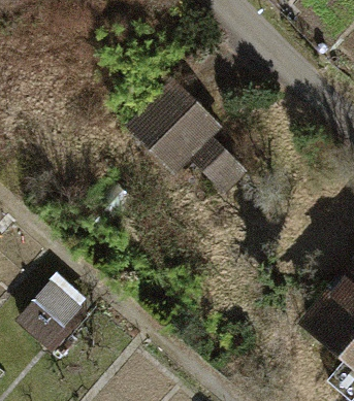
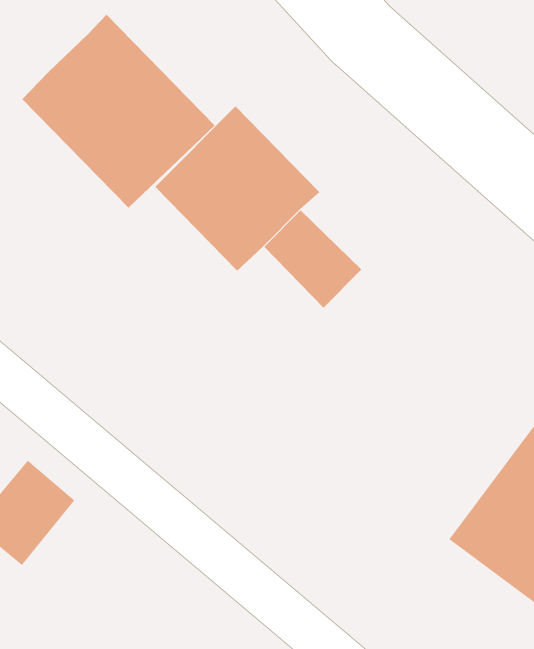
building: none -> [22,14,216,209]

